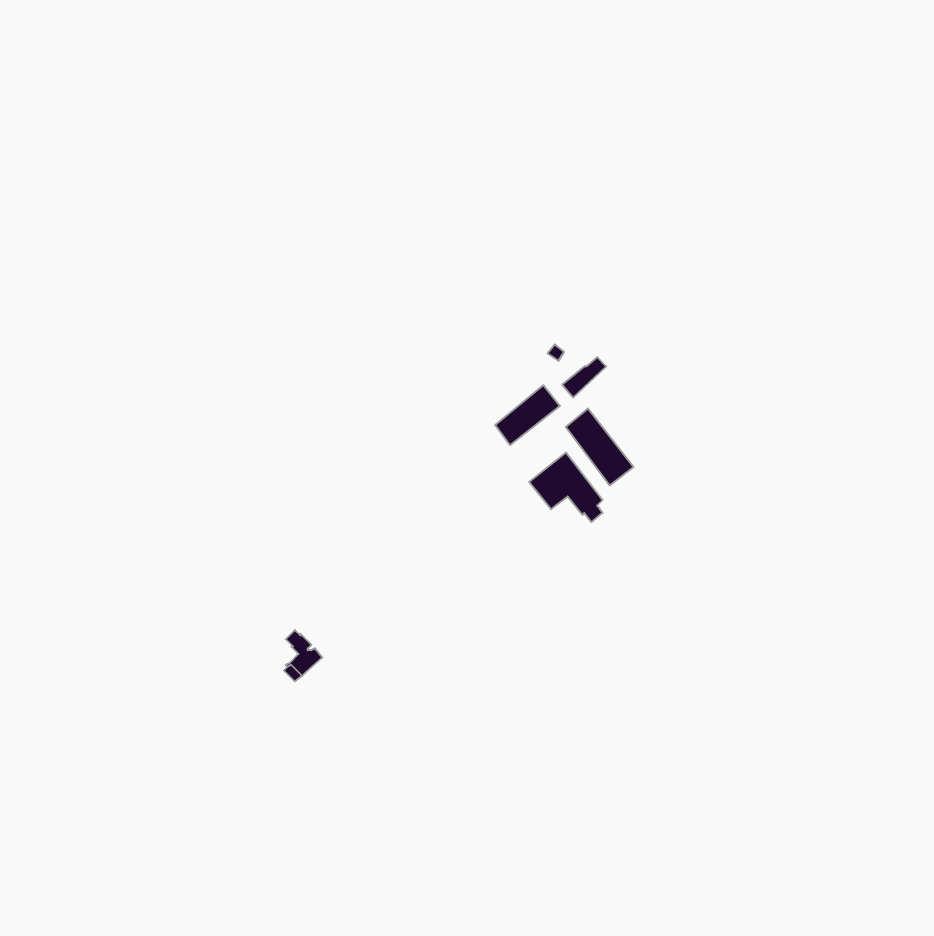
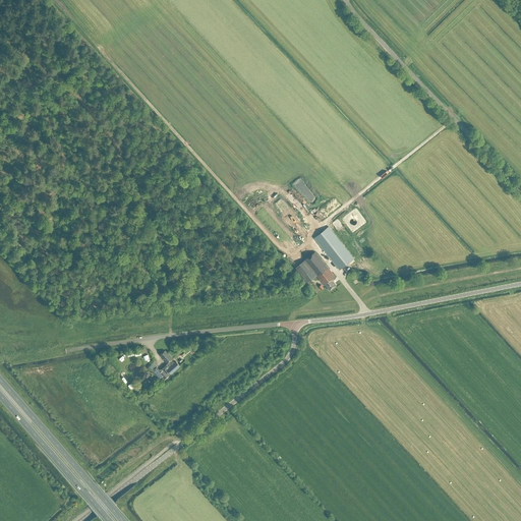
building: [495,385,560,445] -> none

